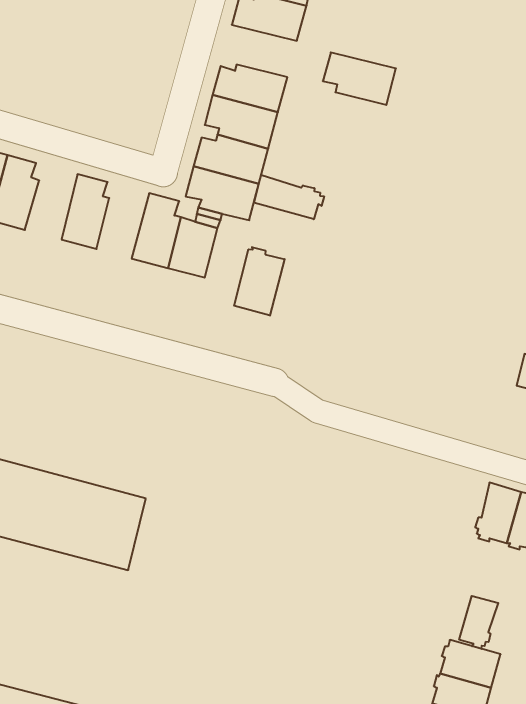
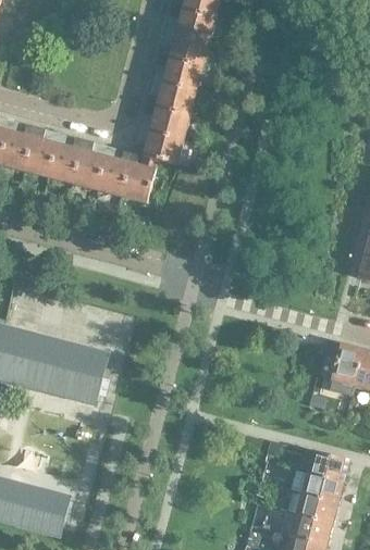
building: [323,52,396,105] -> [159,29,209,65]
building: none -> [23,126,59,176]
building: [254,175,324,219] -> none
building: none -> [72,139,108,189]
building: [234,247,285,316] -> none
building: [459,596,498,649] -> none

